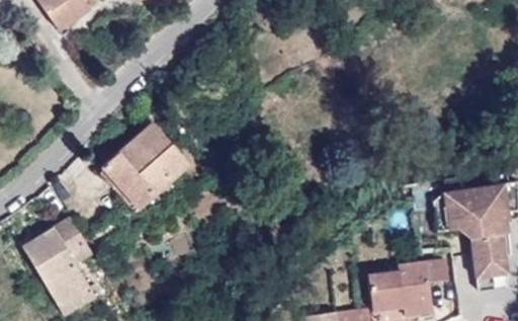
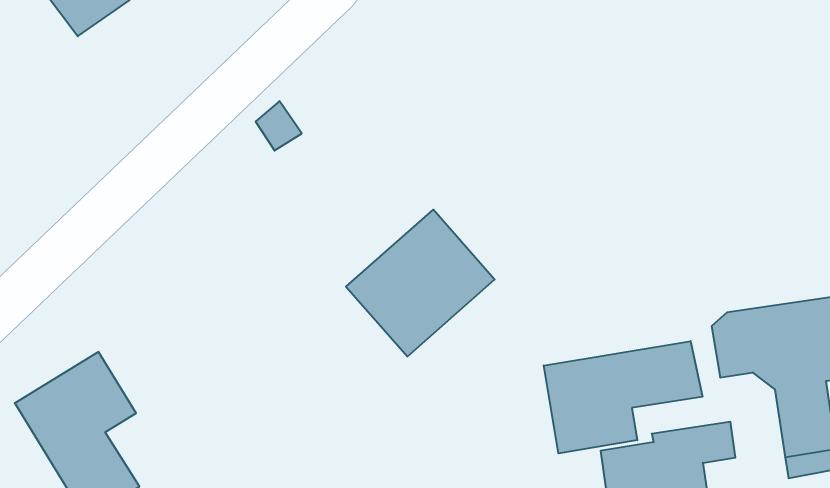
building: [101,122,189,209] -> [346,210,495,356]
building: none -> [544,341,702,453]

